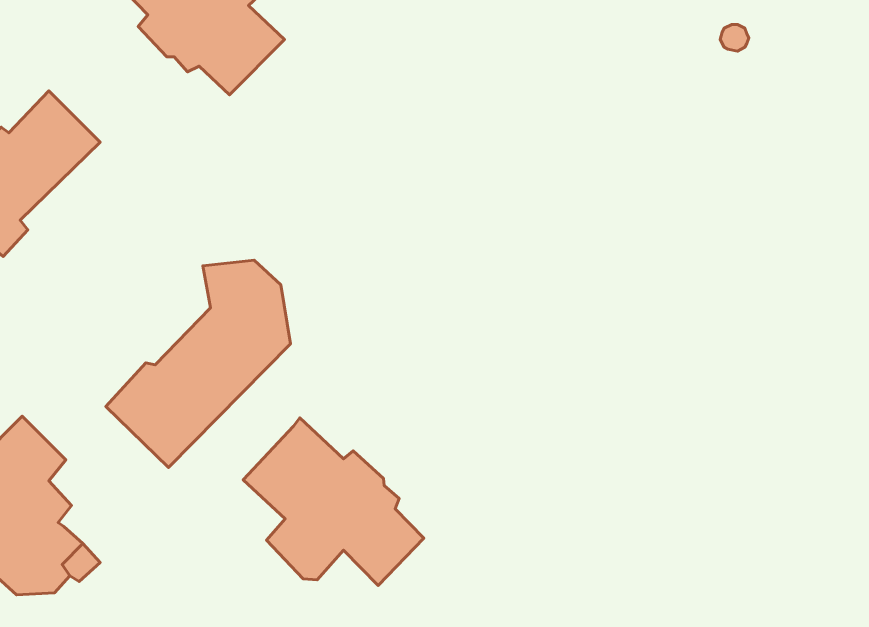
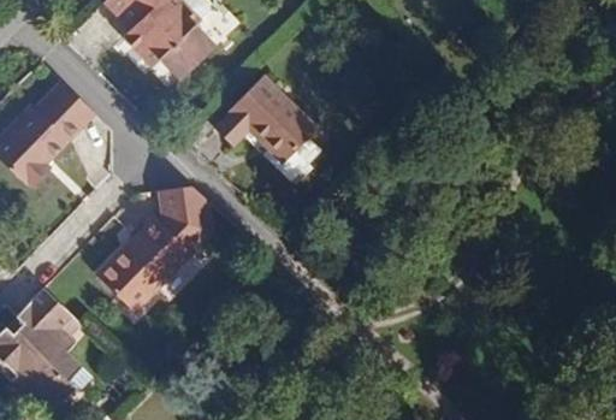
building: none -> [215,76,316,162]
building: [243,418,424,585] -> none

